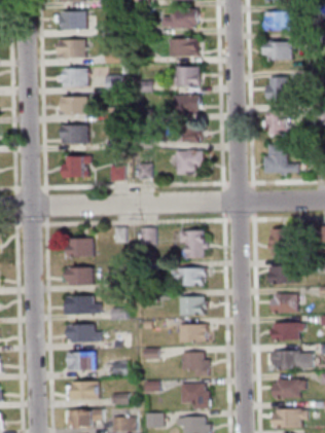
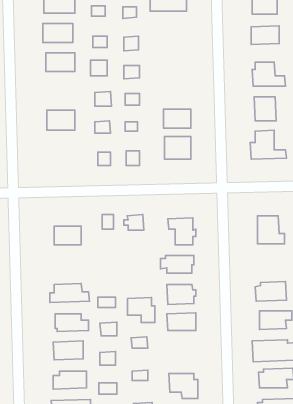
building: [172,39,201,57] -> none
building: [177,66,201,85] -> none
building: [175,95,202,113] -> none
building: [62,96,85,114] -> none
building: [64,155,92,176] -> none
building: [267,264,296,283] -> none
building: [63,267,96,285] -> none
building: [183,352,210,376] -> [128,297,155,322]

